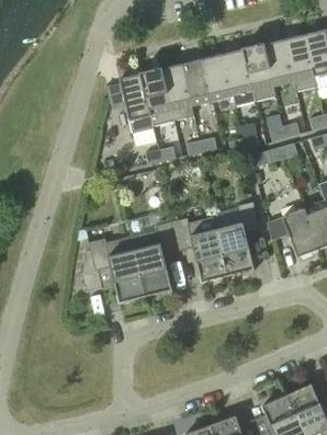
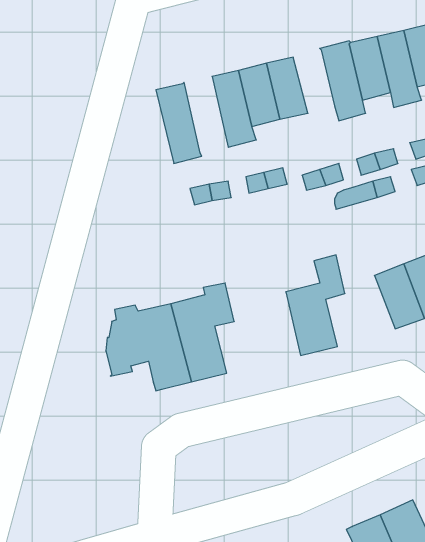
building: [222,49,252,96] -> none
building: [139,68,173,126] -> none
building: [171,217,227,282] -> none

